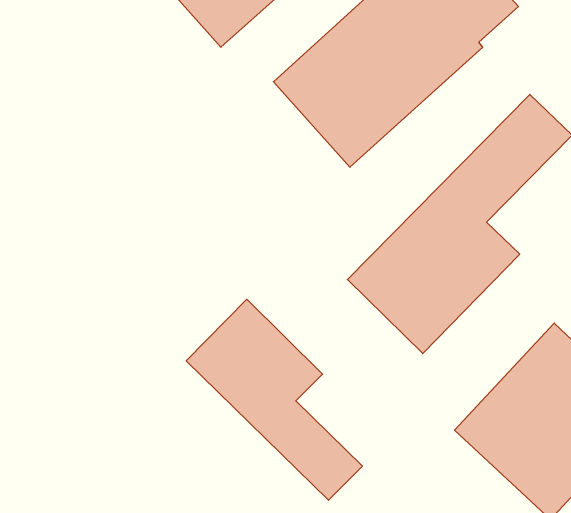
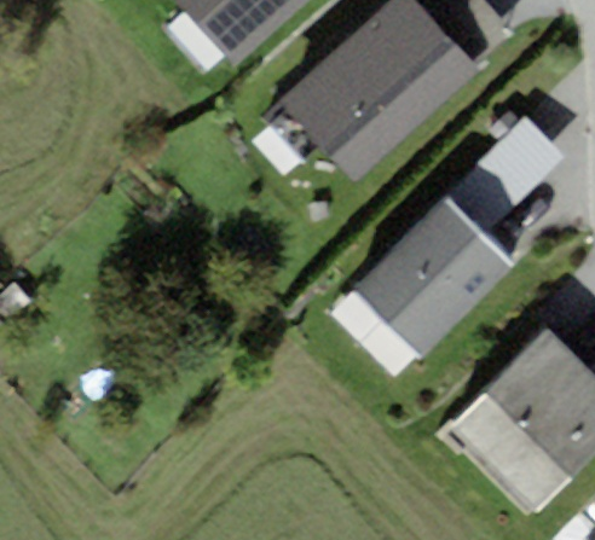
building: [186,299,362,500] -> none

